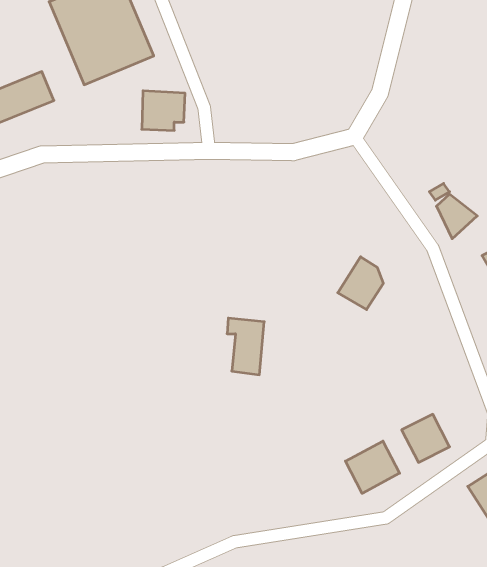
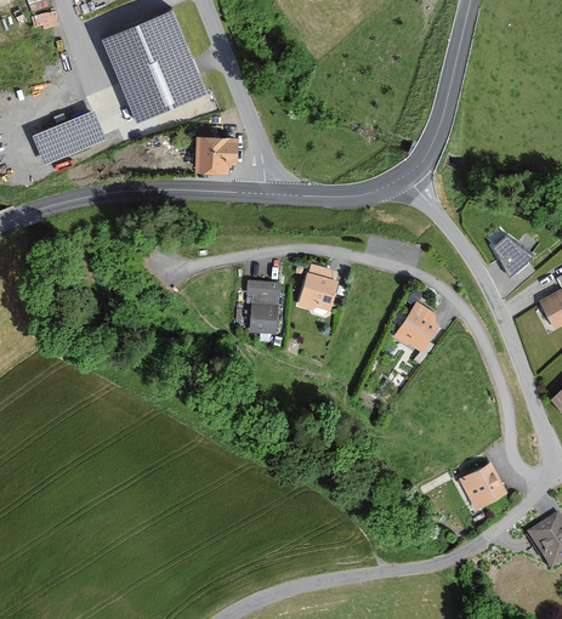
building: none -> [299,262,336,309]
building: [227,318,264,375] -> [245,278,283,335]
building: [345,441,400,493] -> none

